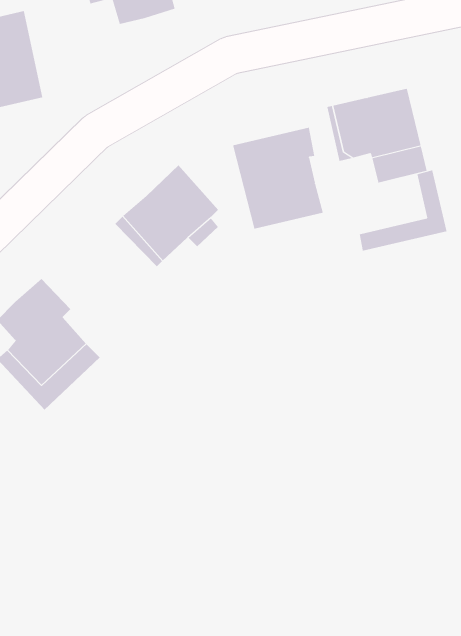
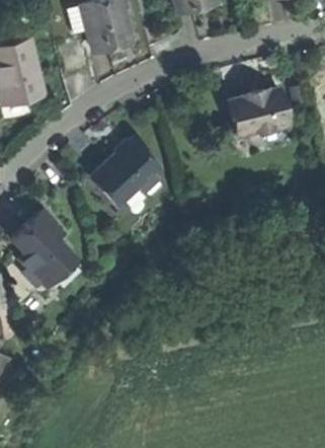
building: [232,127,324,230] -> none
building: [359,169,447,251] -> none

